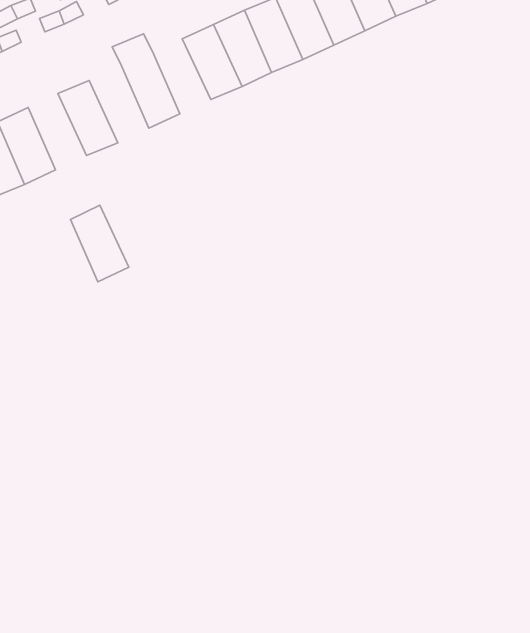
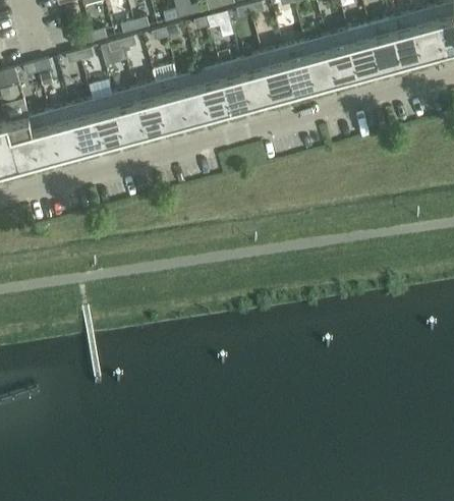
building: none -> [177,75,210,123]
building: none -> [133,87,167,135]
building: [70,205,129,282] -> [92,98,124,147]

